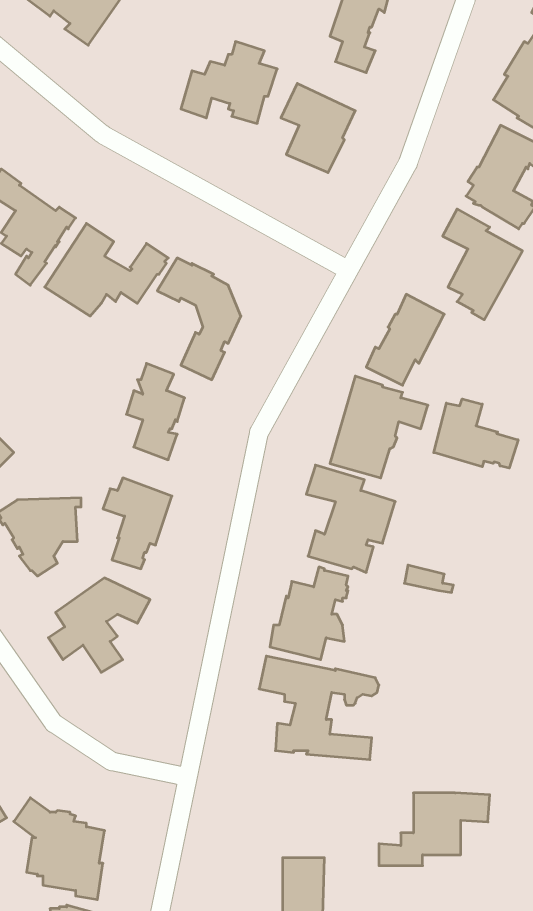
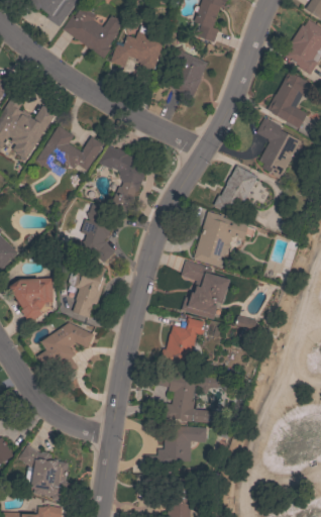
building: none -> [63,6,122,58]
building: [434,399,518,468] -> none
building: [379,793,490,866] -> [145,426,207,467]

